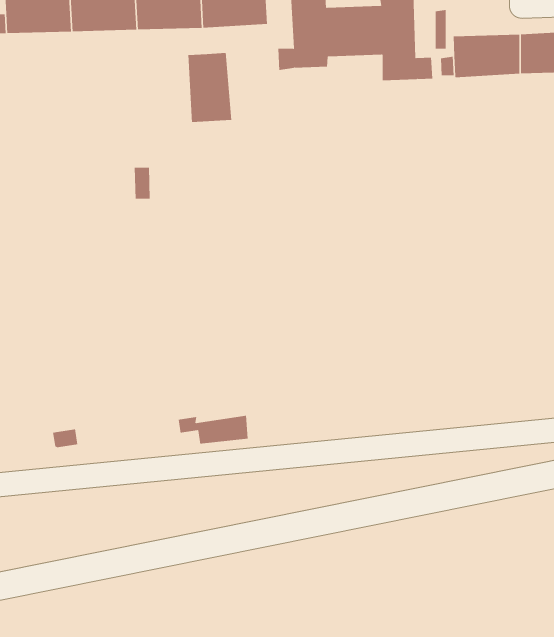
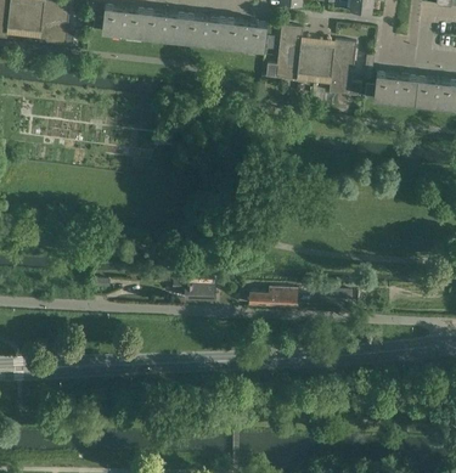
building: [188,52,232,123] -> none
building: none -> [248,289,299,309]

